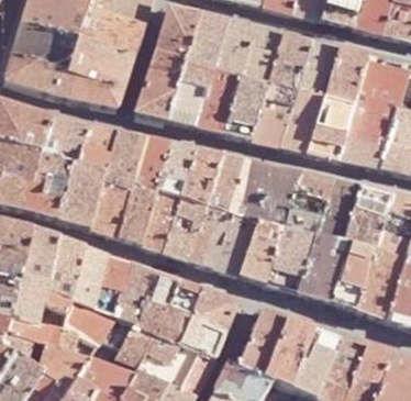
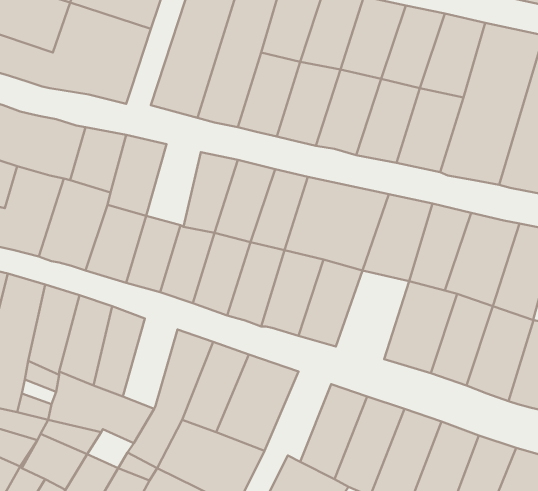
building: [131,137,169,196] -> none
building: [265,226,316,289] -> none
building: [114,260,153,324] -> none

